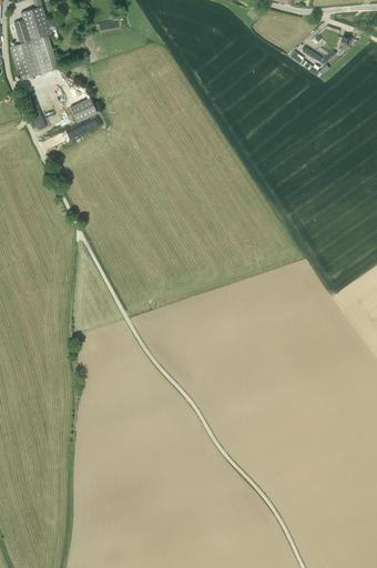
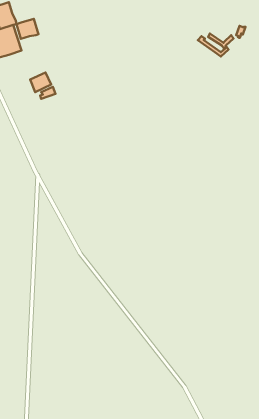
building: none -> [17,19,39,39]

